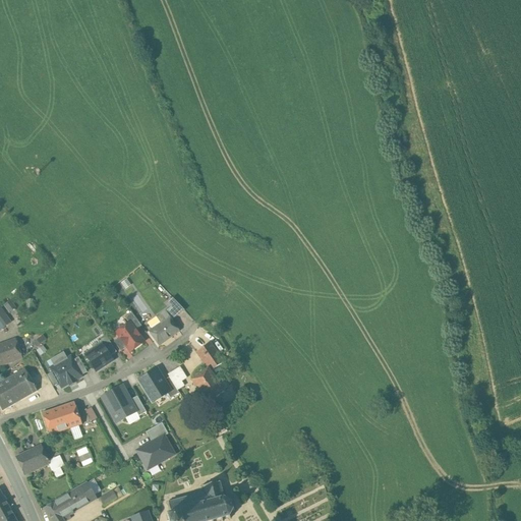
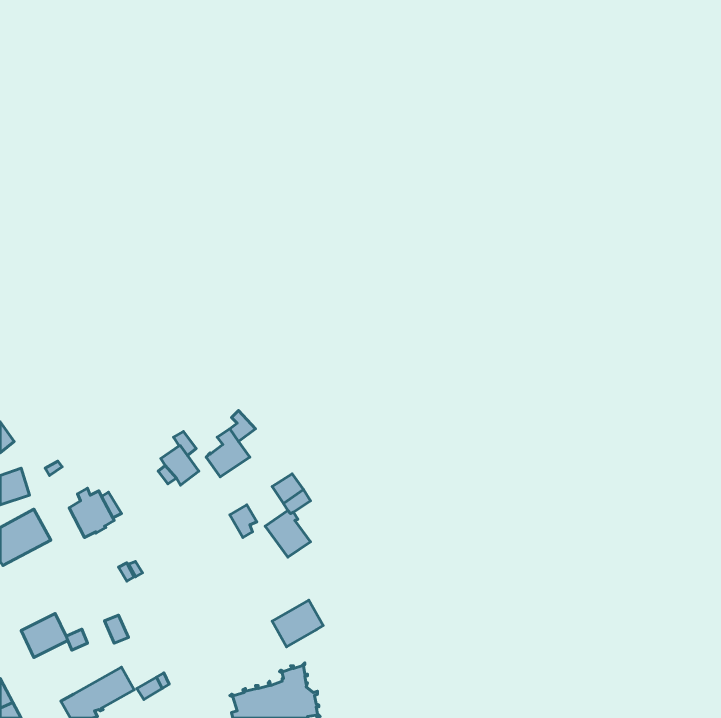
building: [85,343,113,369] -> none
building: [138,367,171,401] -> none
building: [102,384,136,421] -> none
building: [43,401,81,433] -> none
building: [137,435,174,468] -> [272,600,323,647]

